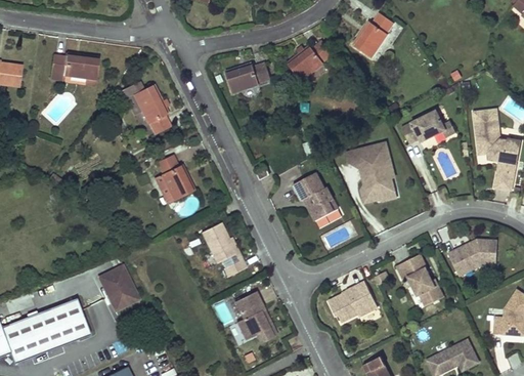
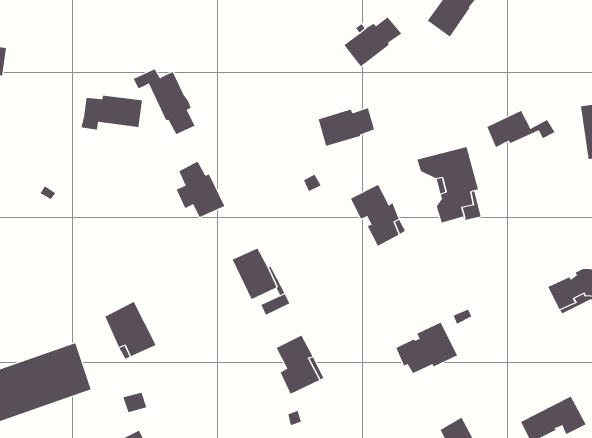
building: [50,53,99,81] -> [81,95,143,130]
building: [226,61,271,92] -> [318,108,375,147]
building: [396,253,442,305] -> none

